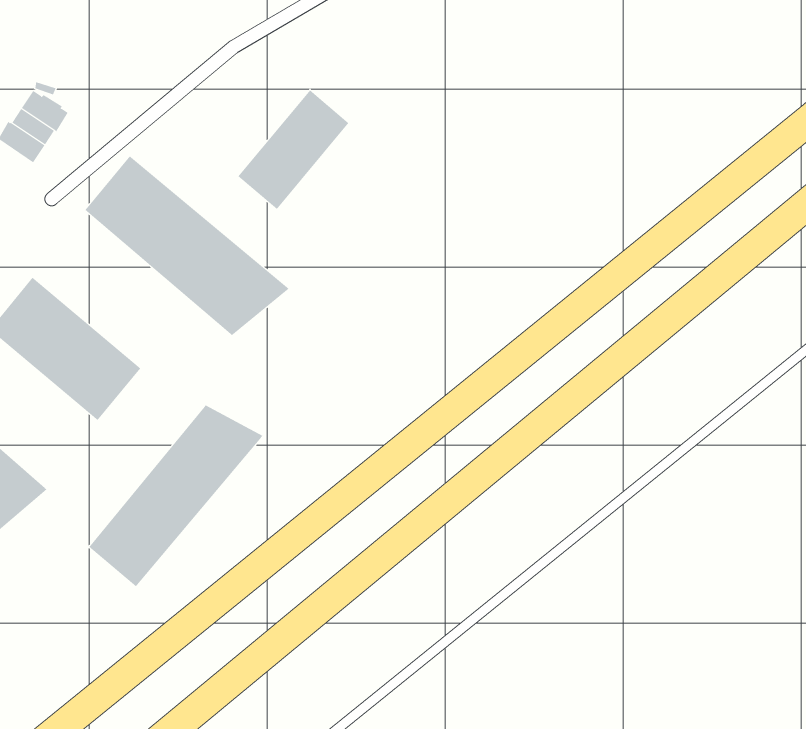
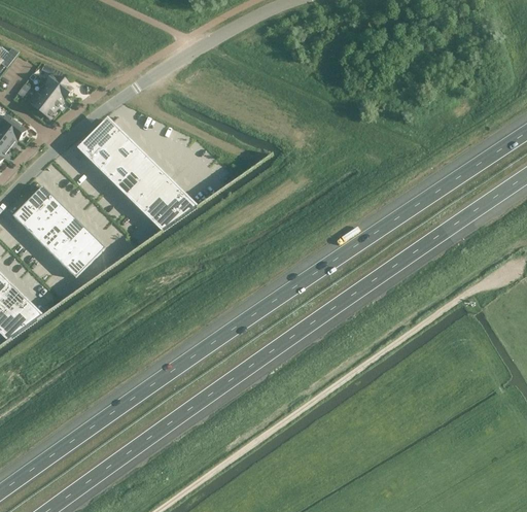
building: [238,89,349,210] -> none
building: [89,405,263,587] -> none

